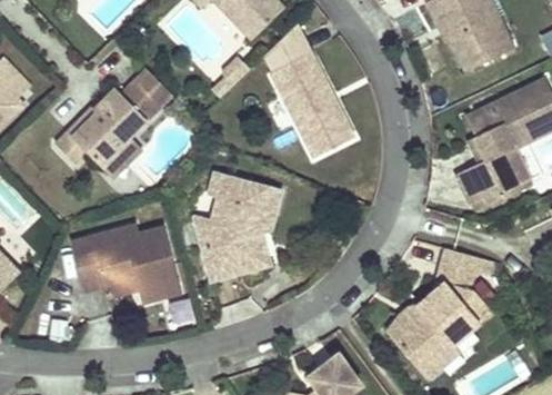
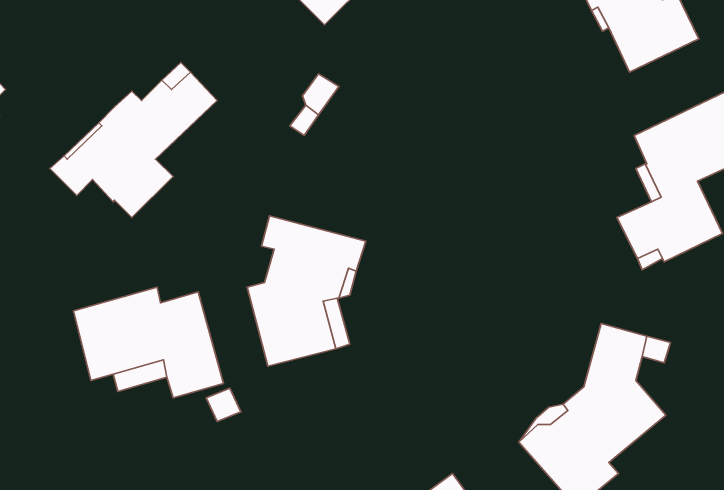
building: [269,28,353,157] -> none

